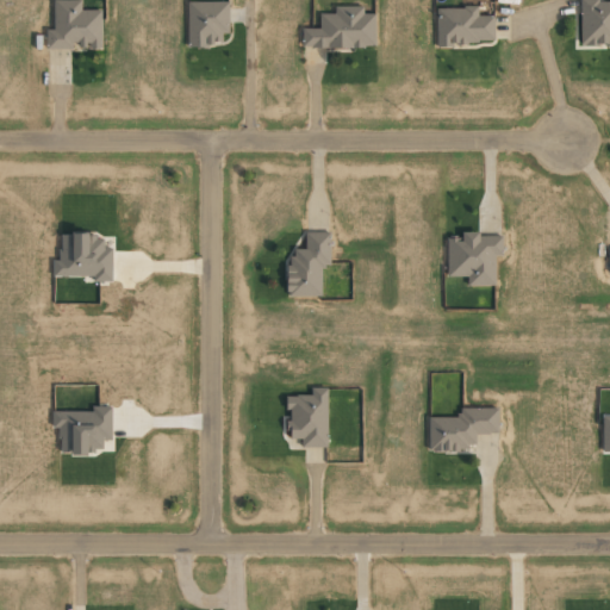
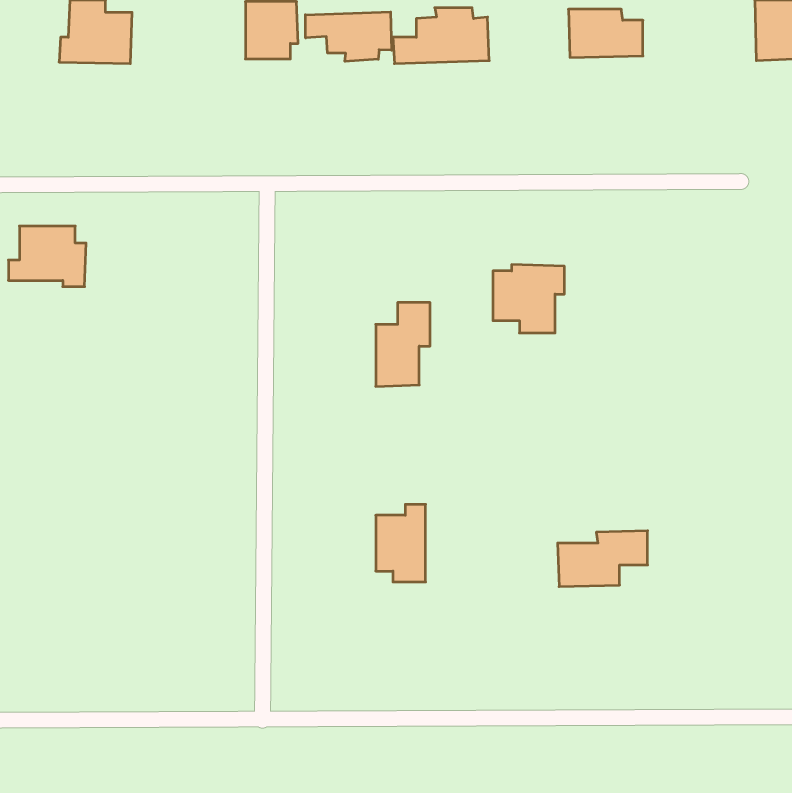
building: none -> [305,12,392,61]
building: [448,234,503,286] -> [493,265,564,333]
building: [54,235,113,281] -> [8,226,86,287]
building: [54,406,112,453] -> none

